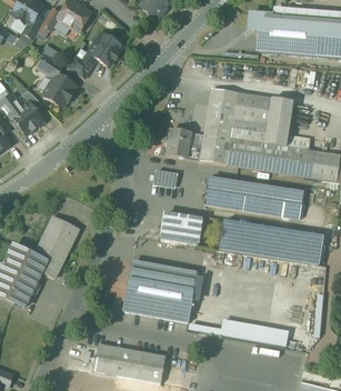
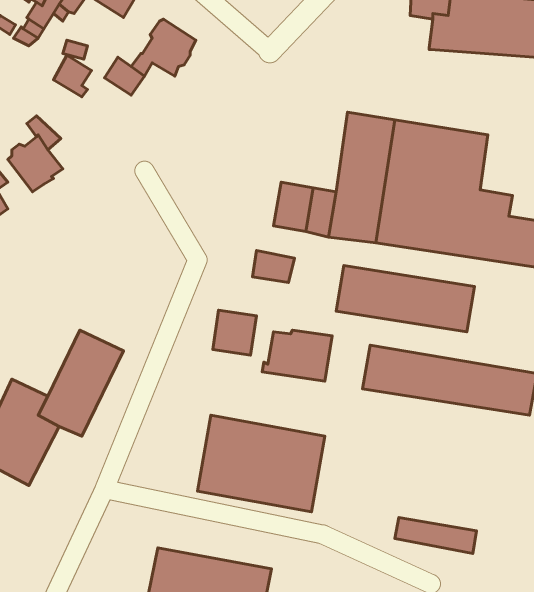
building: [43,73,76,106] -> none
building: [280,189,302,218] -> none
building: none -> [213,310,256,355]

